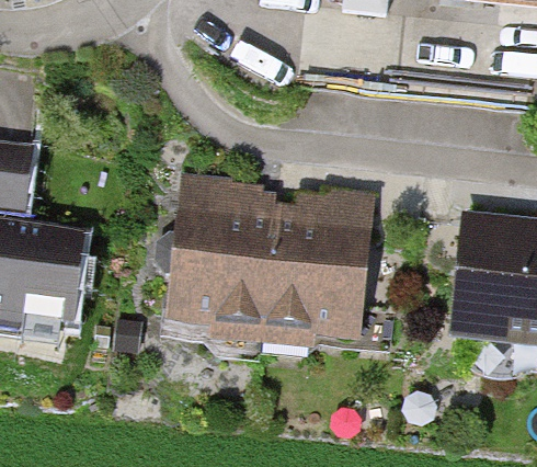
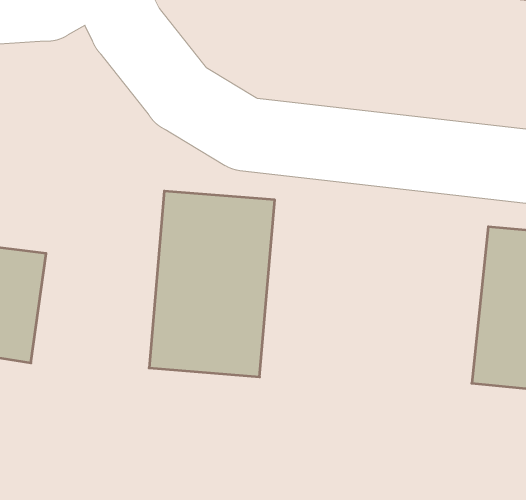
building: [266,185,374,345] -> none

